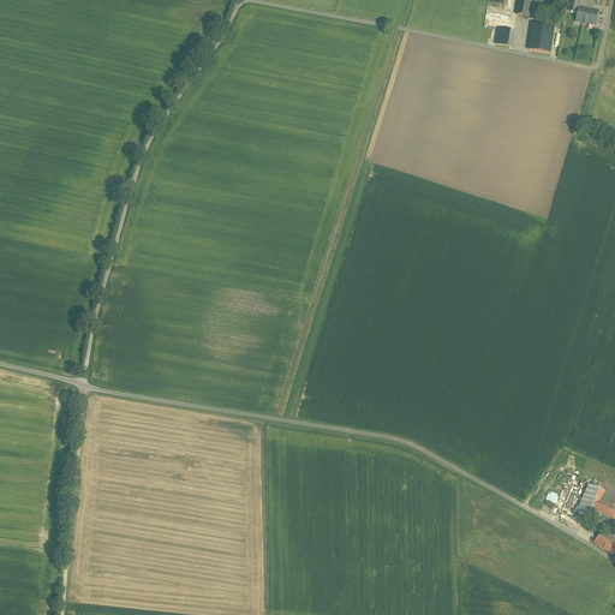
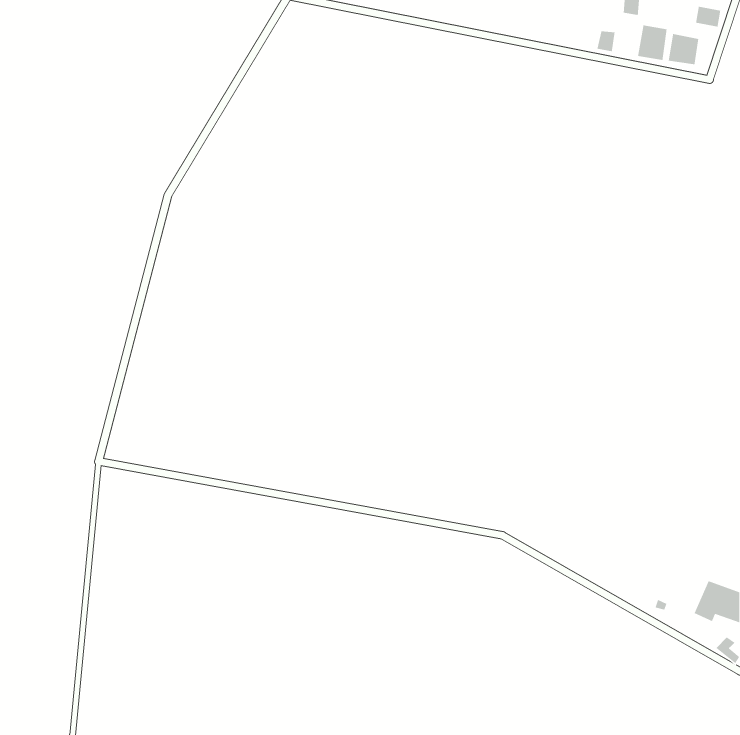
building: none -> [668,33,699,65]

